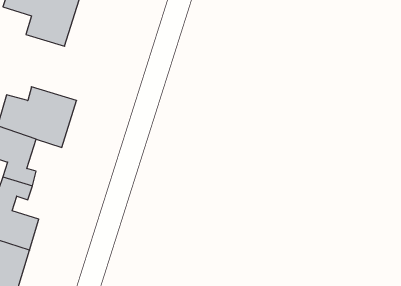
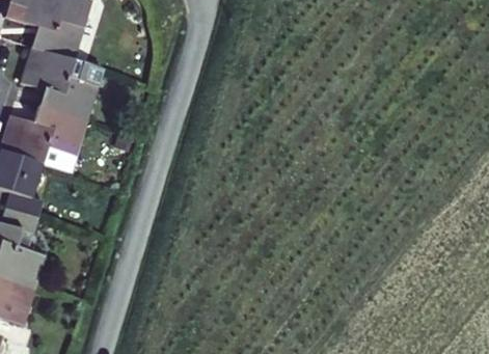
building: none -> [19,46,104,120]

